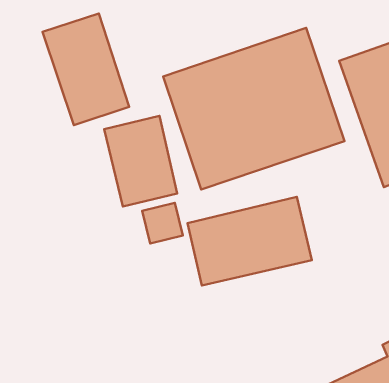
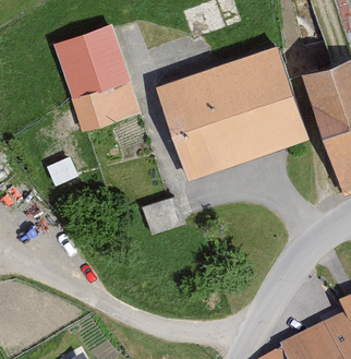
building: [104,116,177,206] -> none
building: [187,197,312,286] -> none

